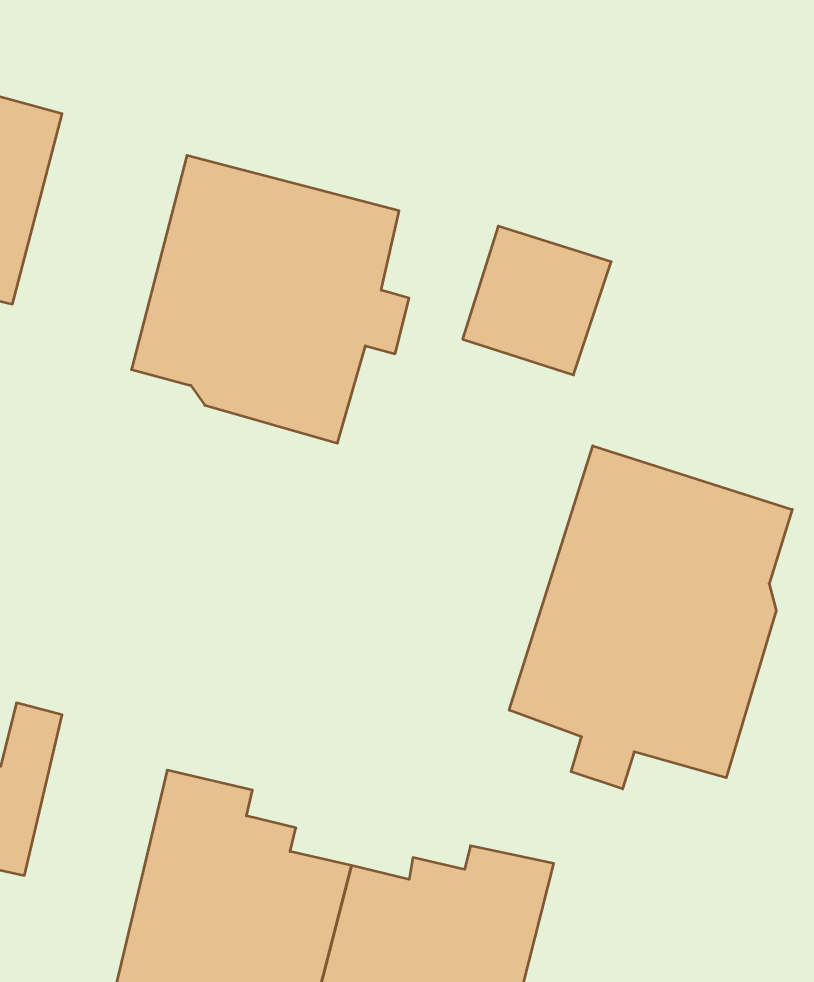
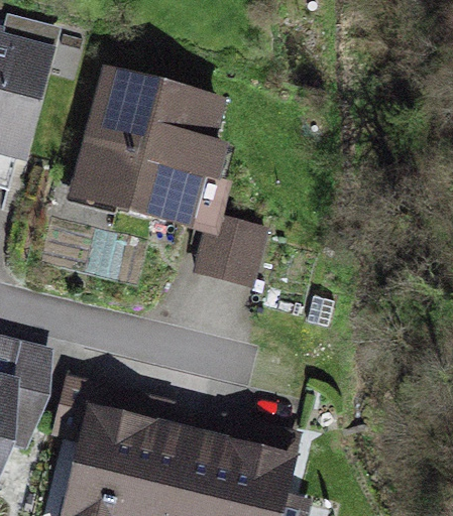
building: [463,226,611,375] -> [202,211,277,286]
building: [509,446,792,789] -> none

